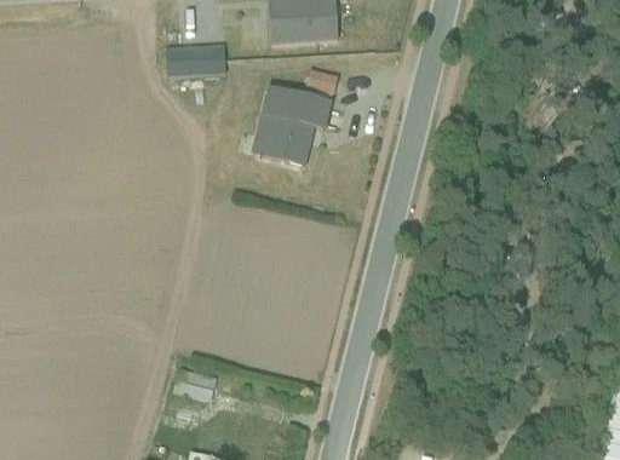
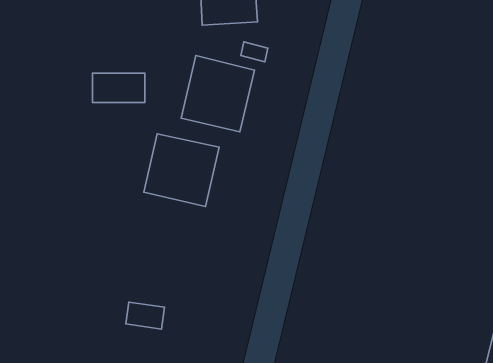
building: [166,38,226,71] -> [92,73,145,102]
building: none -> [144,134,219,207]

